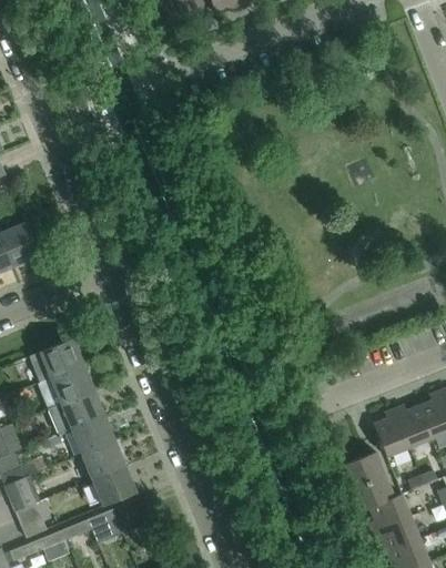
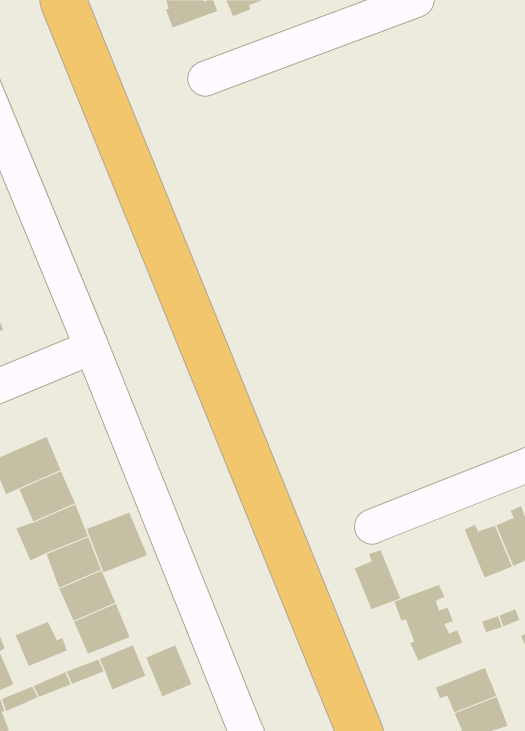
building: none -> [86,512,148,573]
building: [373,409,409,456] -> [354,550,401,610]
building: none -> [15,621,68,667]
building: [368,493,410,531] -> none
building: none -> [145,645,192,697]

